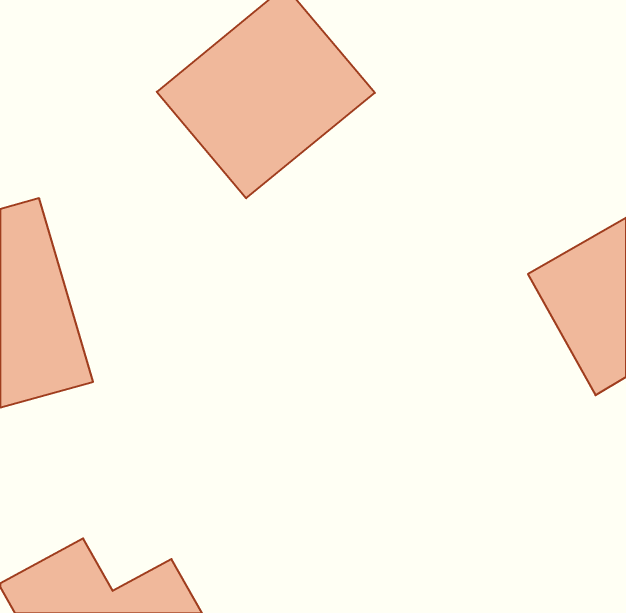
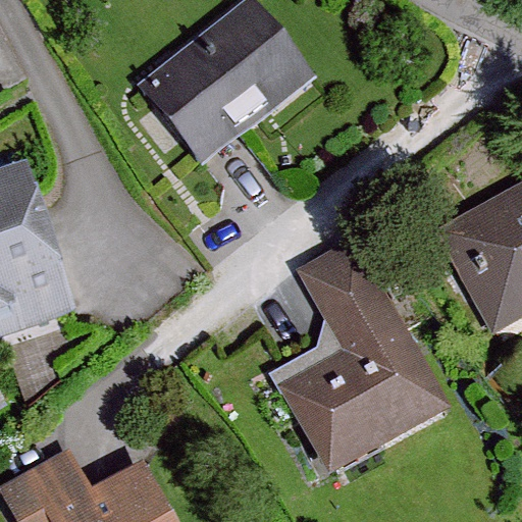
building: none -> [276,244,445,473]

